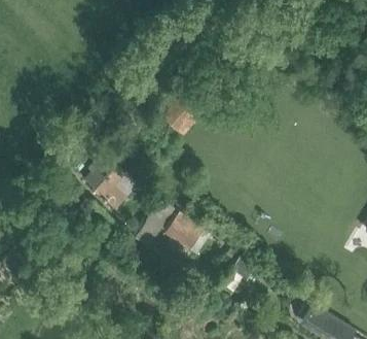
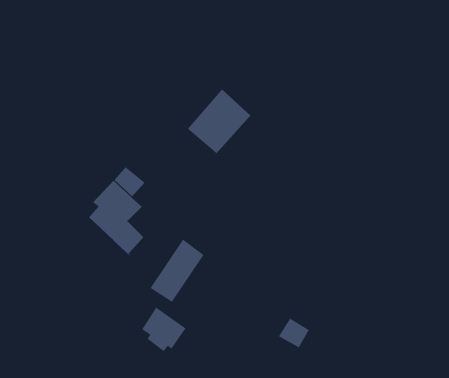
building: [166,217,200,252] -> [141,307,187,352]

